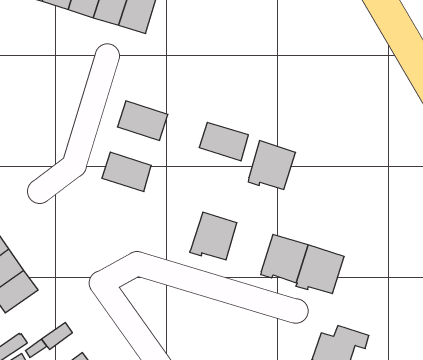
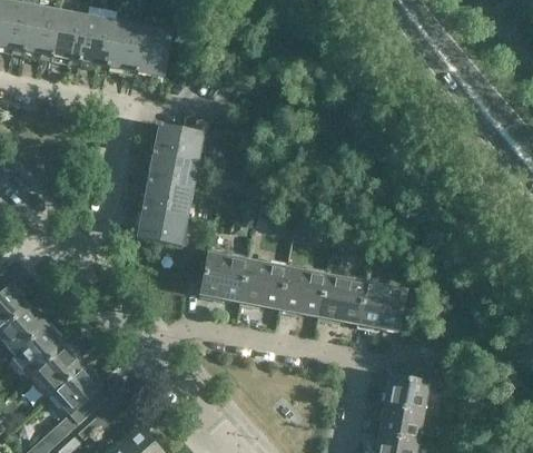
building: [199,122,248,161] -> [151,122,203,159]
building: none -> [141,179,193,216]
building: [248,141,296,189] -> [279,266,326,315]
building: none -> [199,252,248,301]
building: none -> [50,364,101,414]

